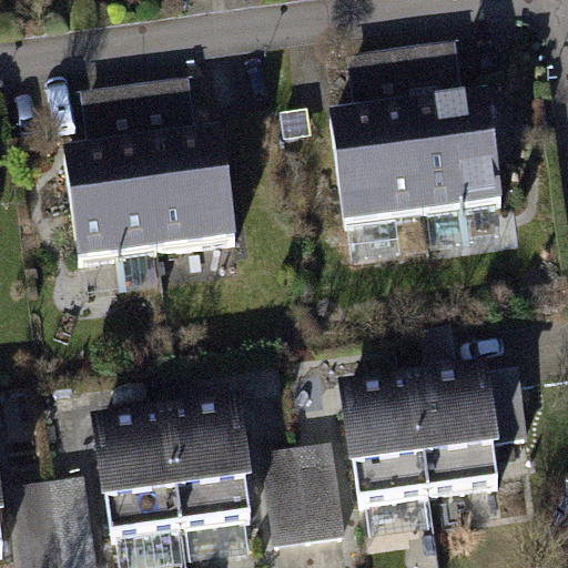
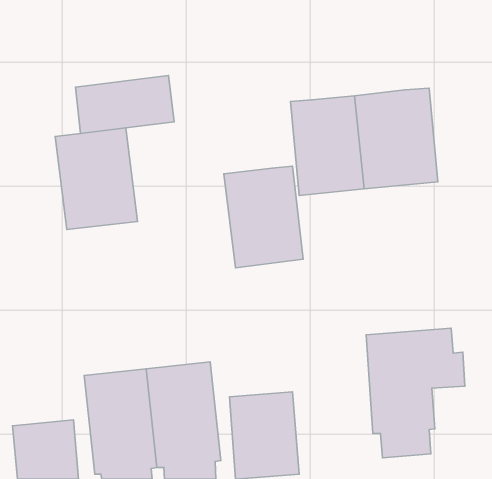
building: [351,47,464,114] -> none
building: [144,138,235,254] -> [224,166,303,268]
building: [346,384,427,535] -> none

